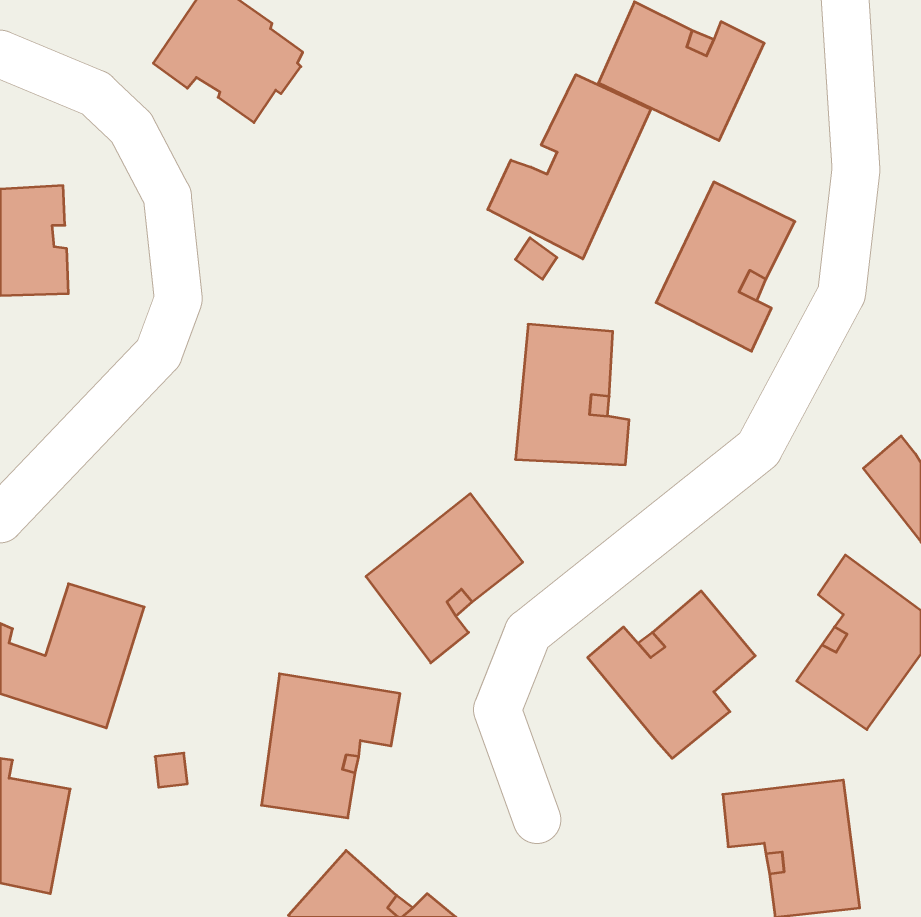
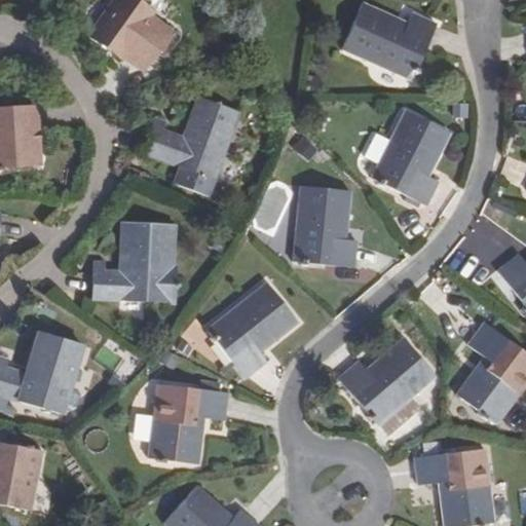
building: [488,75,651,259] -> none
building: none -> [143,97,240,197]
building: none -> [92,222,177,303]

